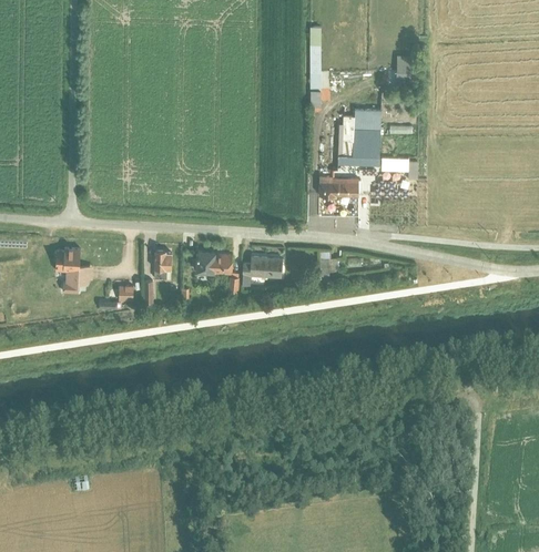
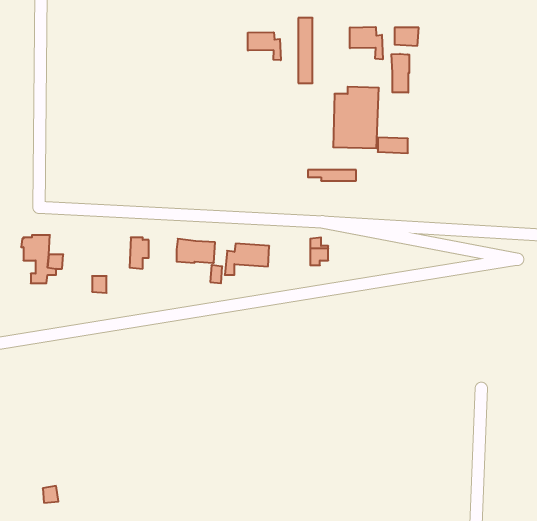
building: none -> [350,27,383,59]
building: none -> [248,32,281,60]
building: none -> [391,54,409,93]

